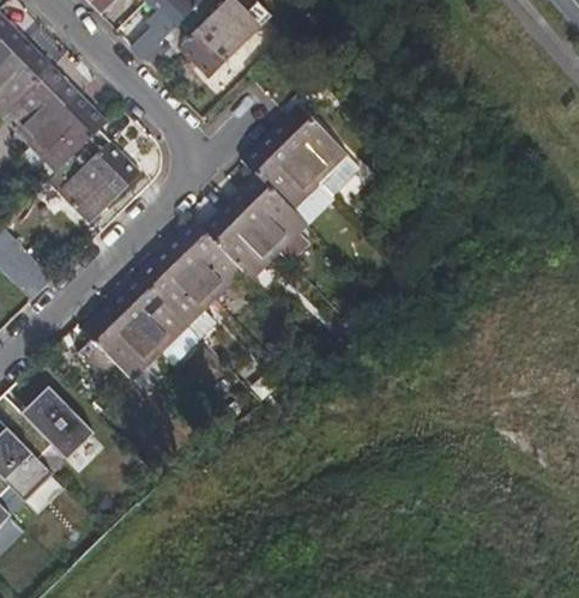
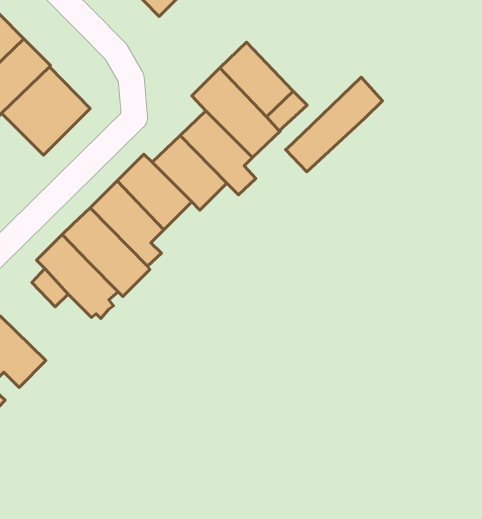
building: none -> [285,77,382,172]

